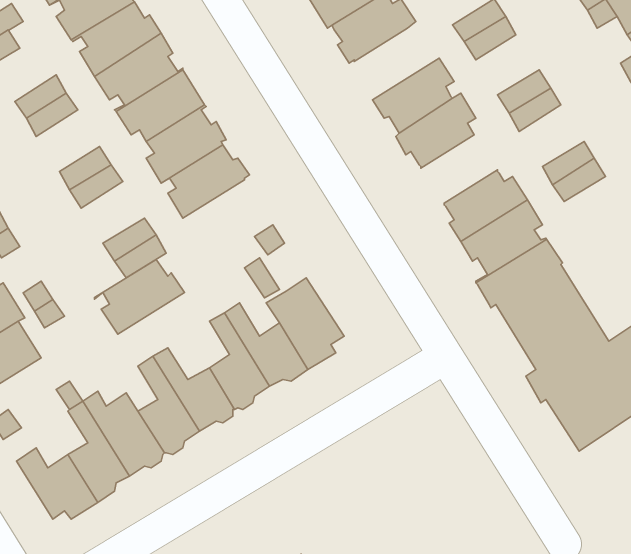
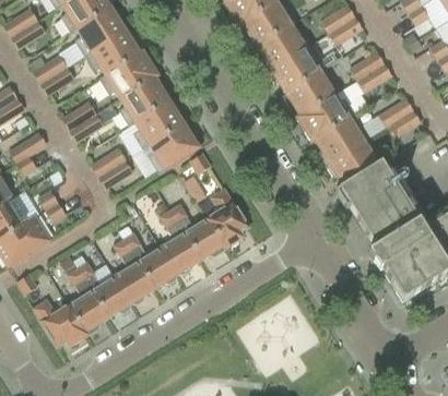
building: none -> [256,24,311,71]
building: none -> [296,94,355,141]
building: [95,259,184,334] -> [143,123,202,172]

